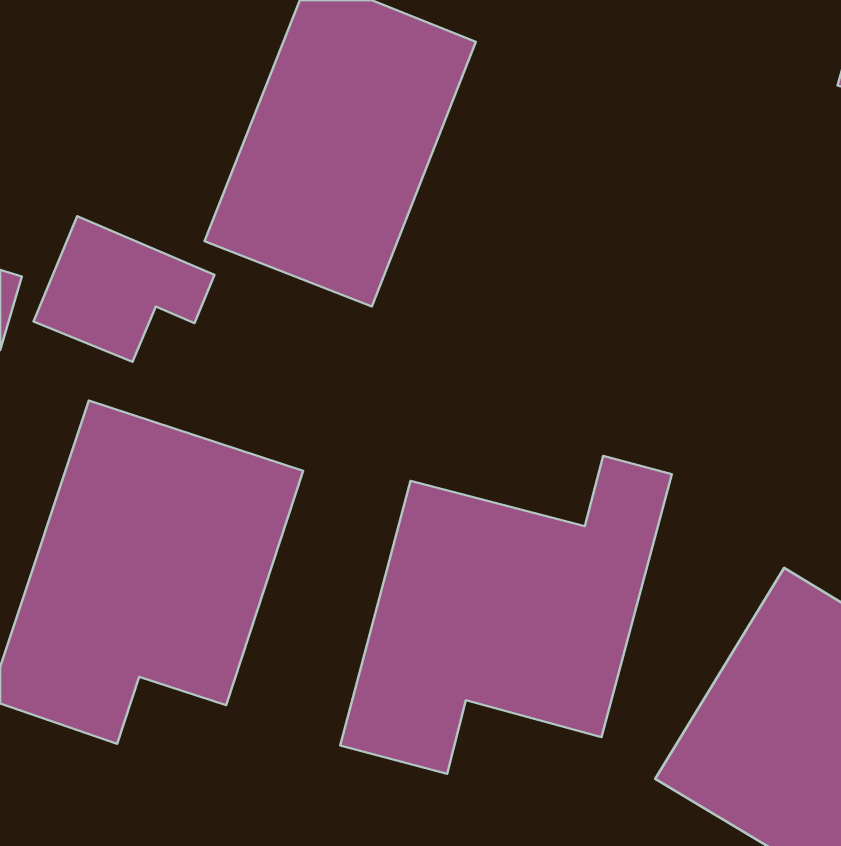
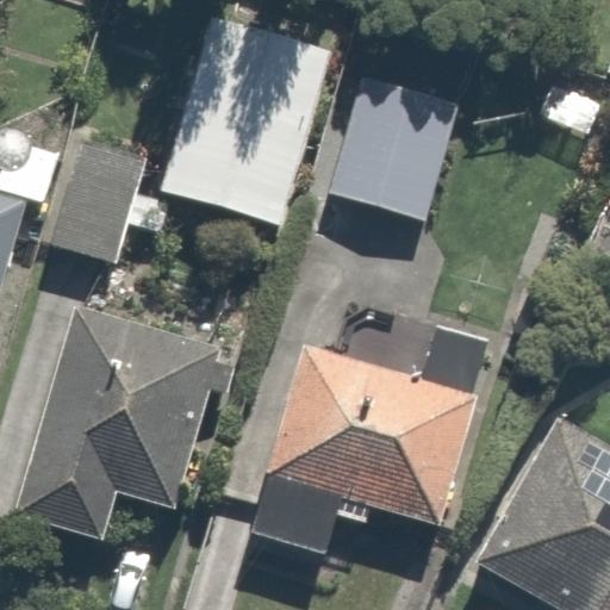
building: none -> [320,76,465,222]

